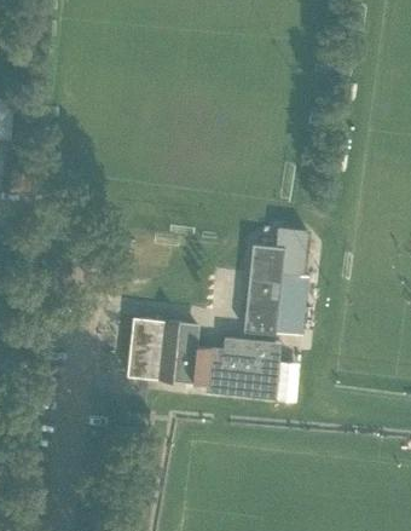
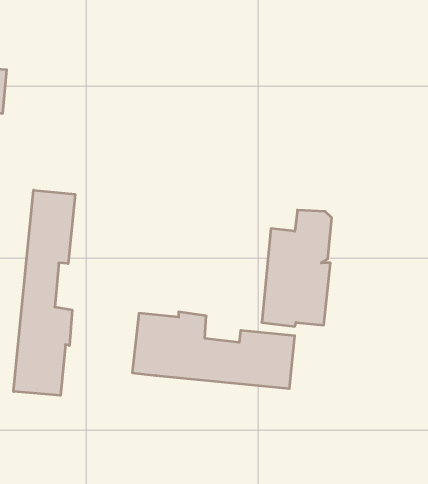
building: none -> [14,190,75,395]

